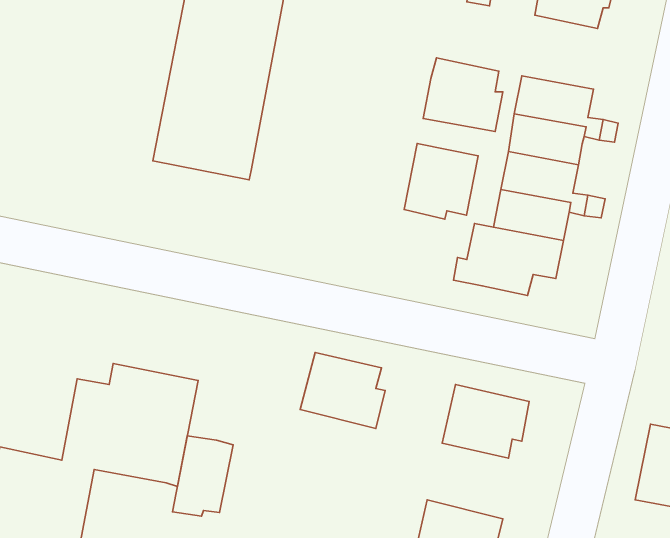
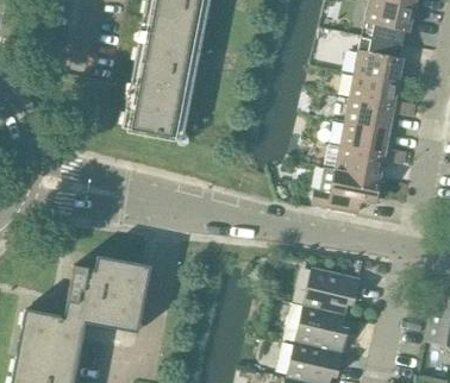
building: [423,58,503,132] -> [355,37,405,83]
building: [404,143,478,219] -> none
building: [300,353,385,428] -> [295,306,349,353]
building: [172,436,233,516] -> none

